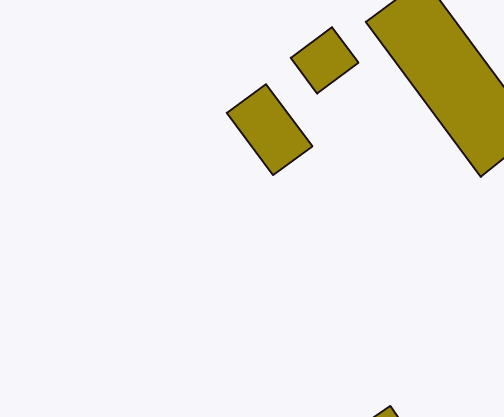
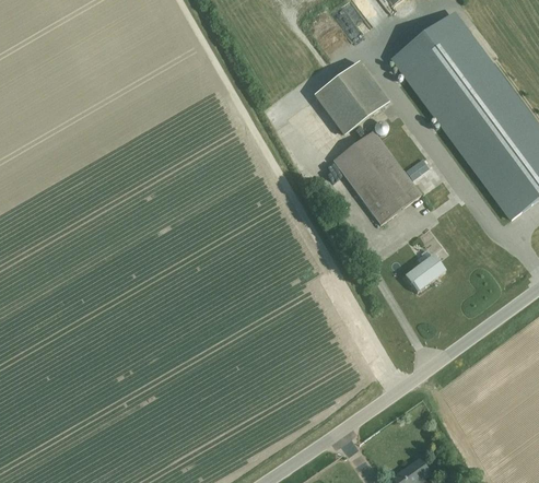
building: [227,84,312,175] -> [332,129,421,223]
building: none -> [405,254,445,291]

